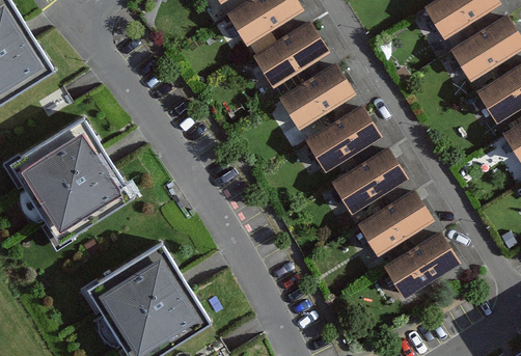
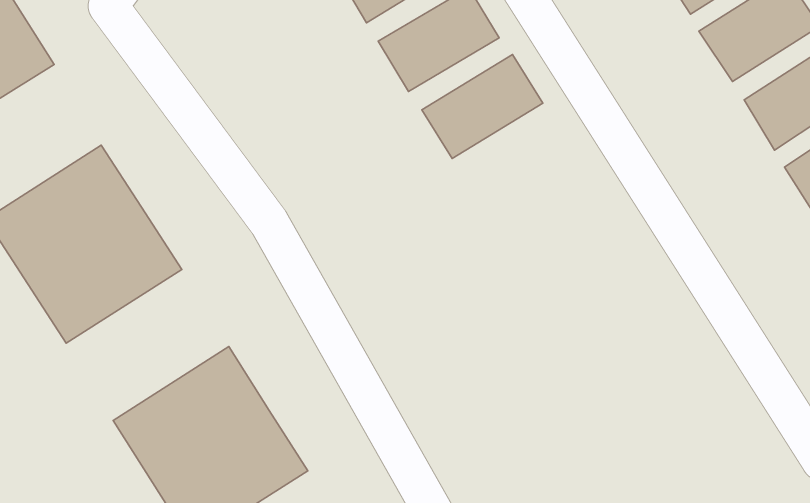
building: [304,106,380,172] -> none
building: [330,148,406,214] -> none
building: [356,189,434,255] -> none
building: [382,231,459,298] -> none

